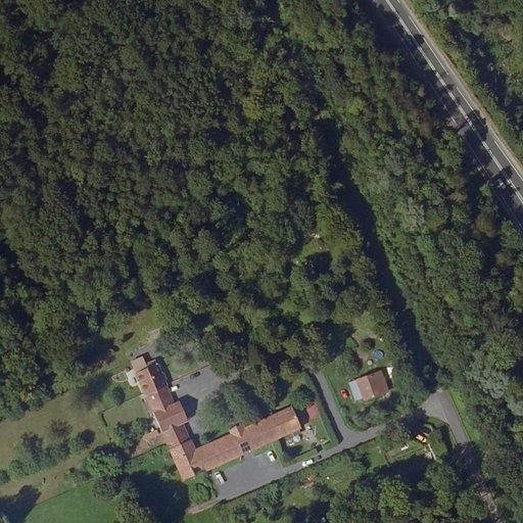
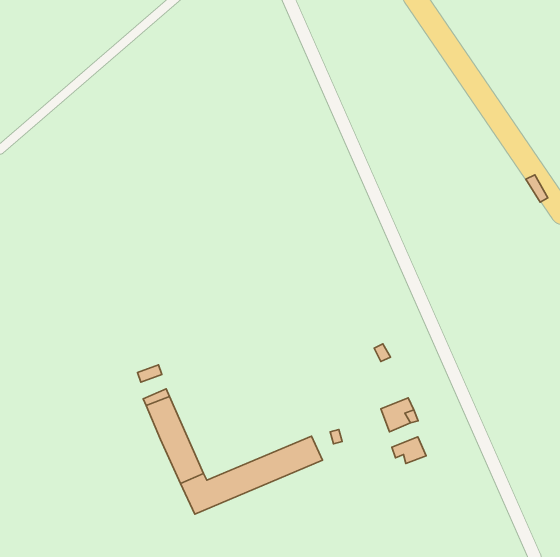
building: none -> [392,437,426,464]

